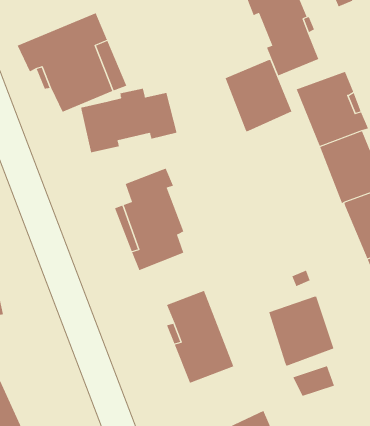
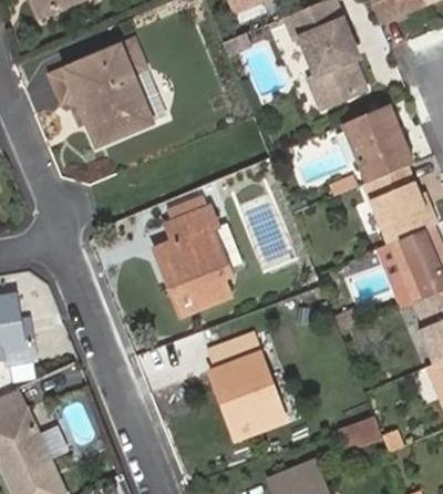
building: [225,59,292,132] -> none
building: [81,88,177,153] -> none
building: [269,296,334,366] -> none

